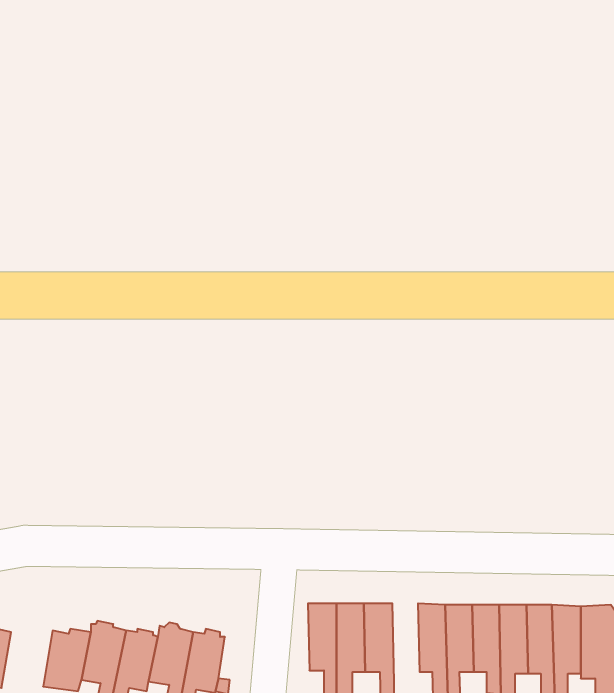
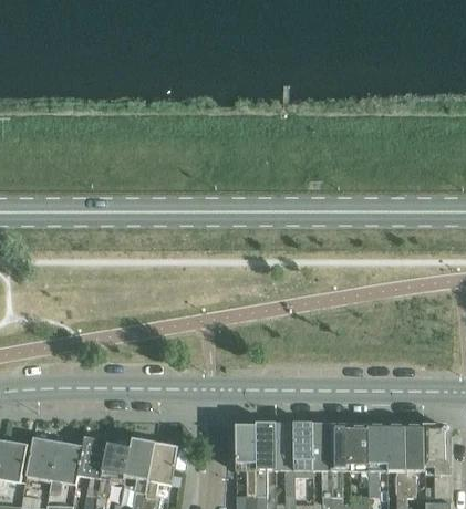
building: none -> [293,424,313,478]
building: none -> [27,436,58,481]

